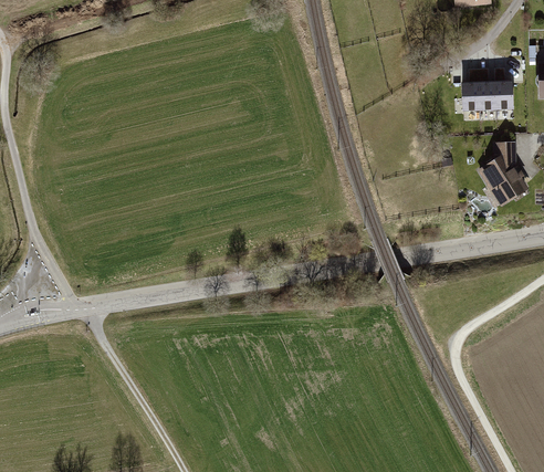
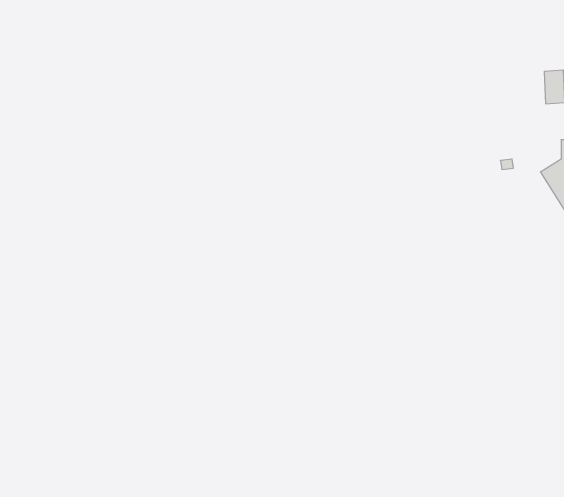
building: [462,81,480,108] -> none

